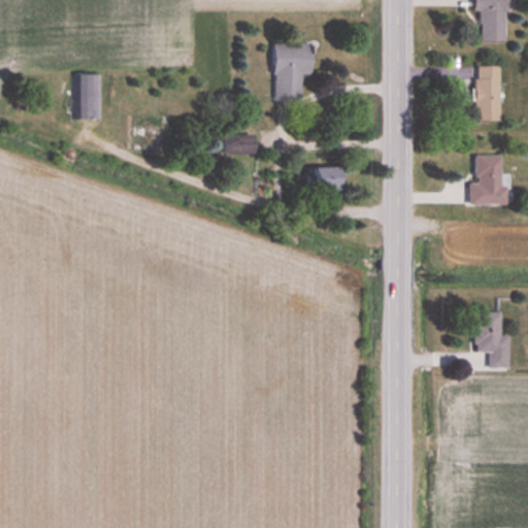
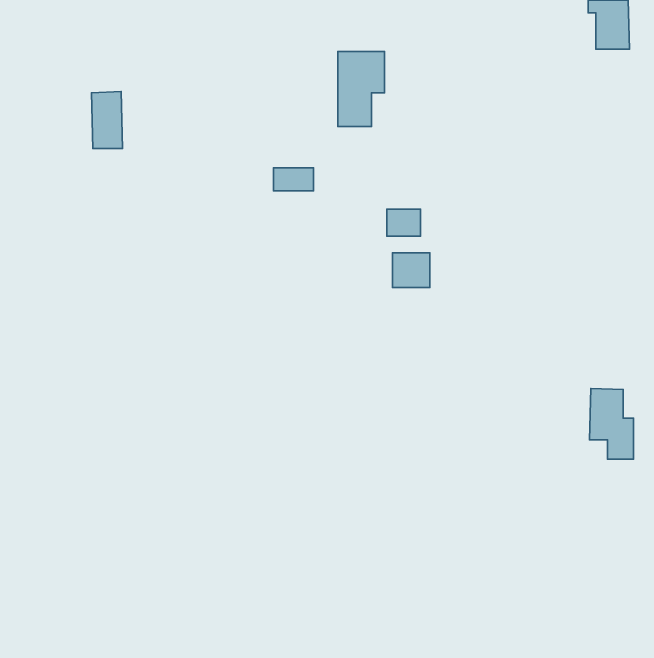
building: [476,67,499,121] -> none
building: [470,155,504,204] -> none
building: none -> [393,253,430,288]

